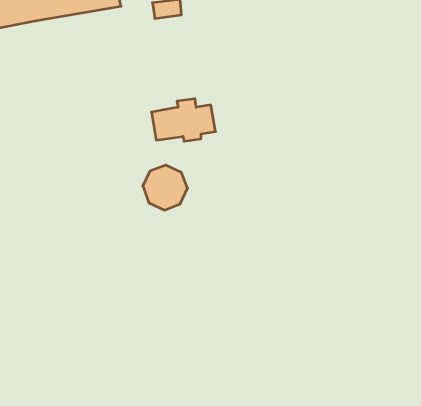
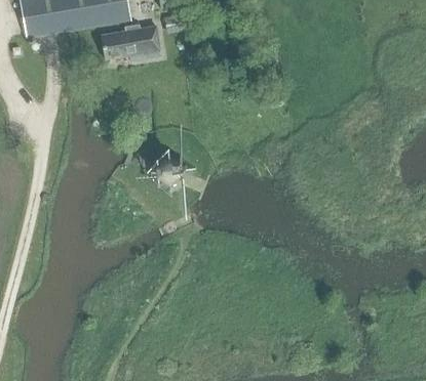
building: [151,99,216,141] -> [103,24,157,59]

